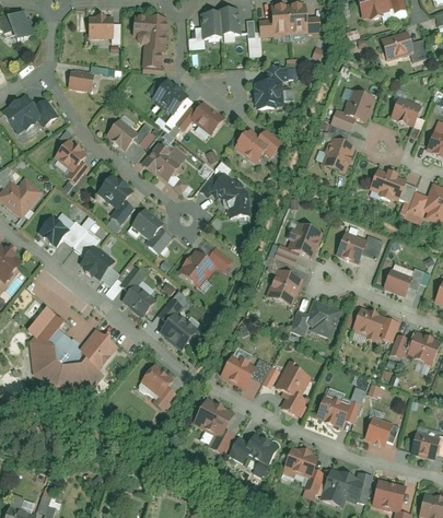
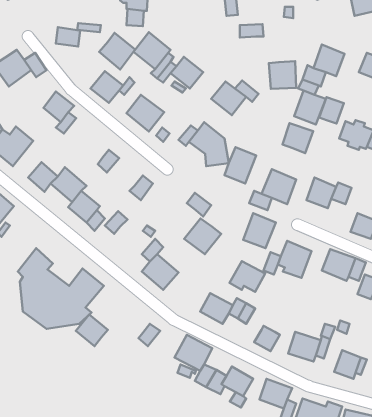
building: none -> [99,33,135,70]
building: [253,80,282,109] -> [269,61,296,89]
building: none -> [319,97,344,123]
building: none -> [282,123,313,153]
building: [96,174,132,209] -> none
building: none -> [225,147,256,183]
building: [131,208,164,239] -> none
building: [177,249,217,287] -> [184,218,221,254]
building: [123,283,155,316] -> none
building: [140,363,174,397] -> [76,315,108,346]
building: [273,363,312,396] -> [229,261,265,292]

